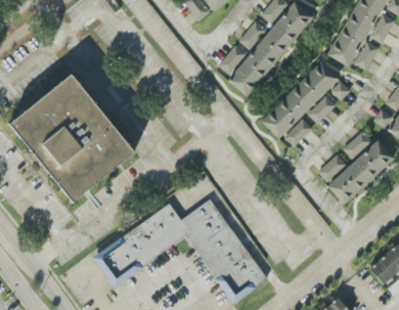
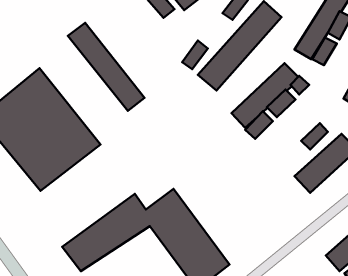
building: [235,19,267,52] -> none
building: none -> [68,23,144,111]
building: [317,152,347,182] -> none

